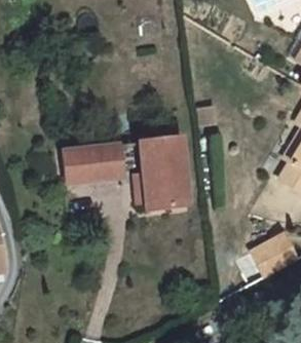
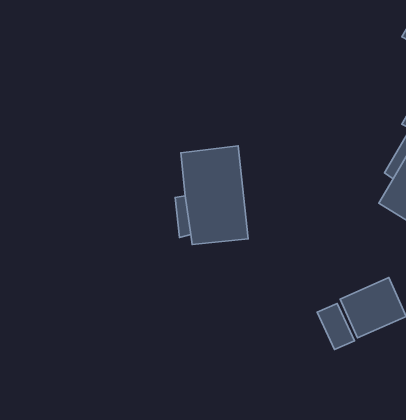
building: [63,144,122,181] -> none

